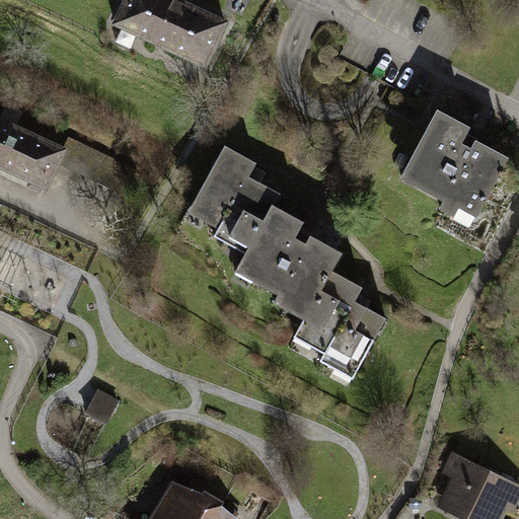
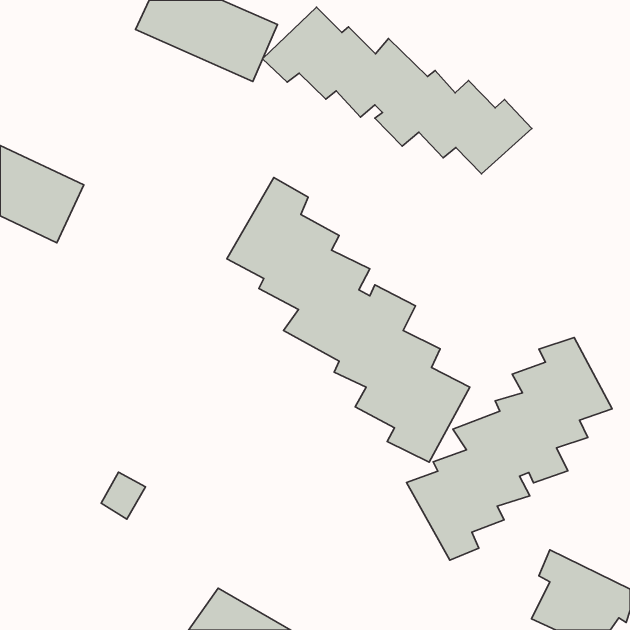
building: none -> [263,7,532,174]
building: [401,107,509,218] -> none
building: none -> [406,338,612,560]

